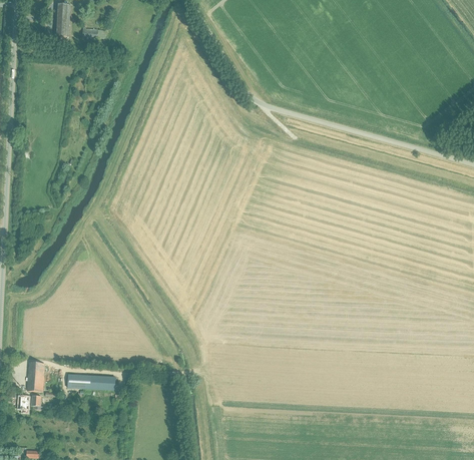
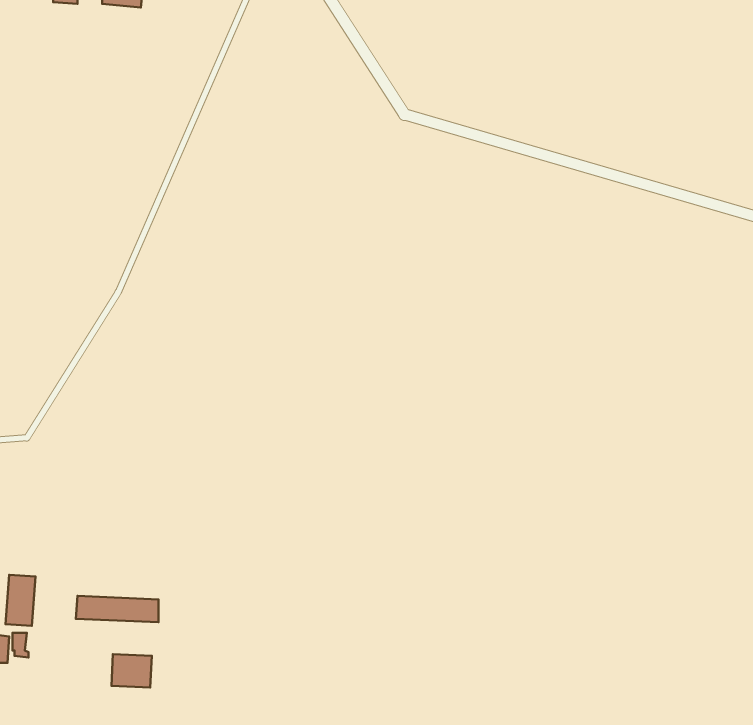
building: none -> [111,654,152,688]

